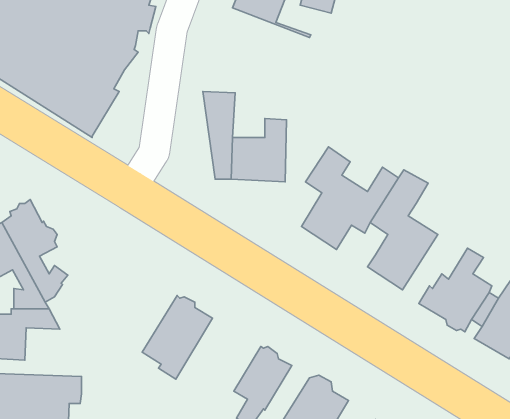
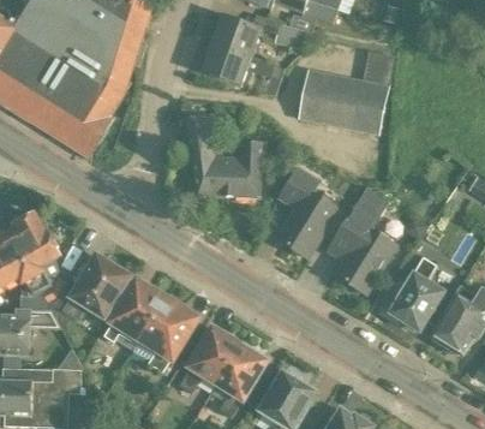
building: none -> [204,42,282,84]
building: none -> [299,49,393,132]
building: none -> [47,256,128,328]
building: none -> [104,281,164,348]
building: none -> [178,328,239,392]

